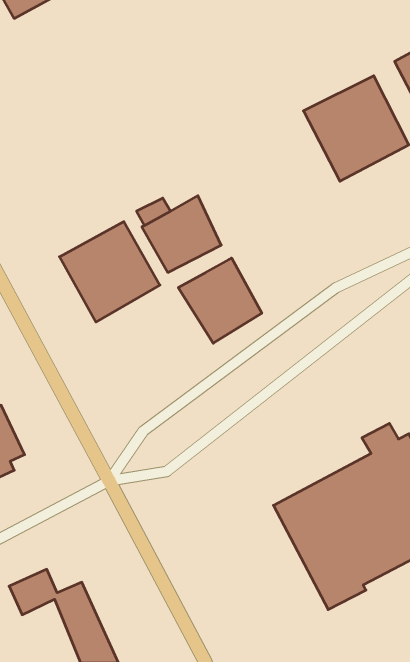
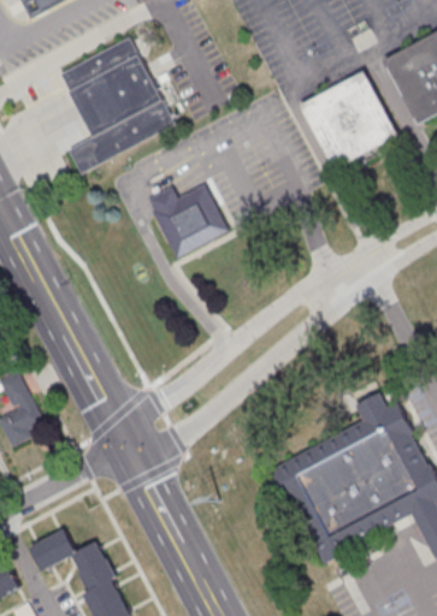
building: none -> [59,35,176,171]
building: [59,222,160,322] -> none
building: [178,258,262,343] -> none

